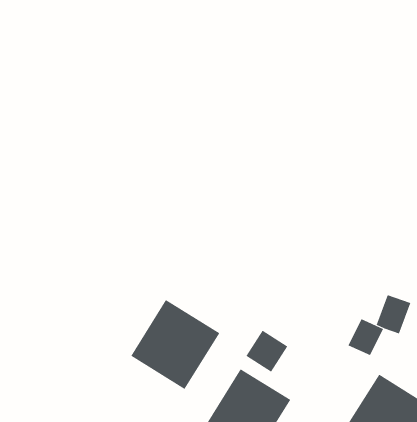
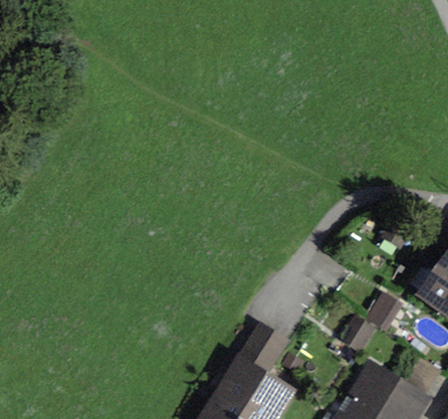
building: [130,299,220,390] -> none

